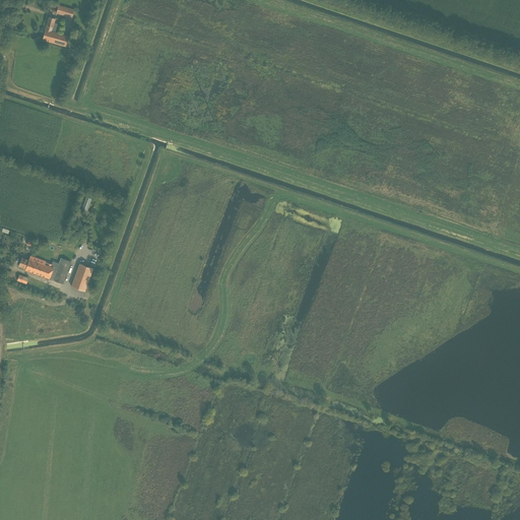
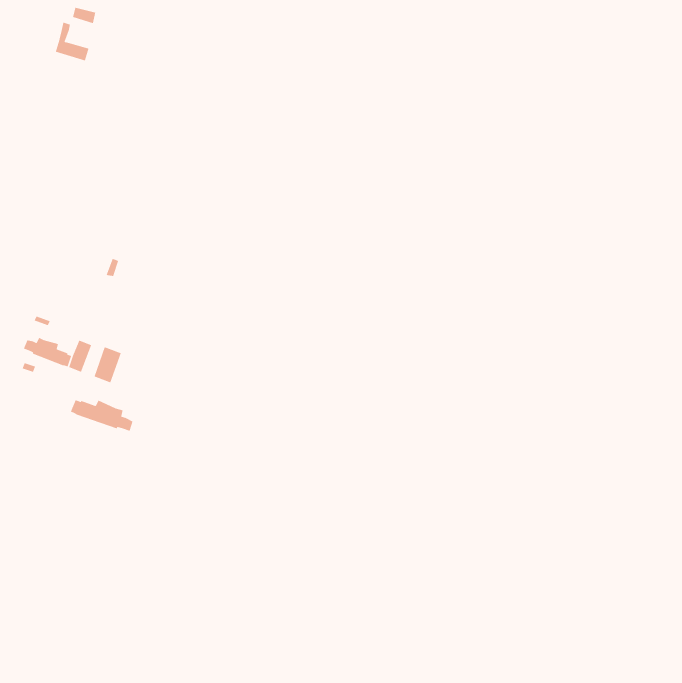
building: none -> [70,399,134,432]

